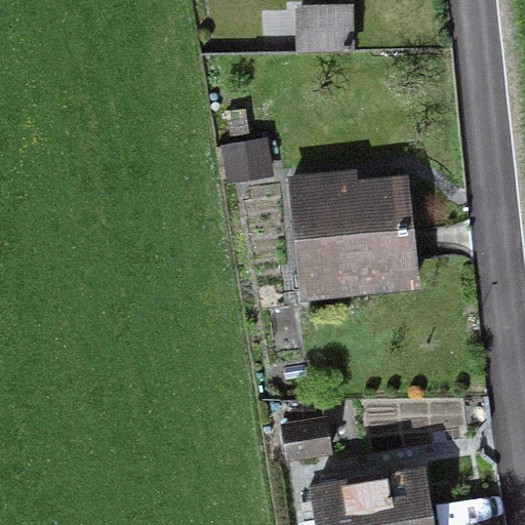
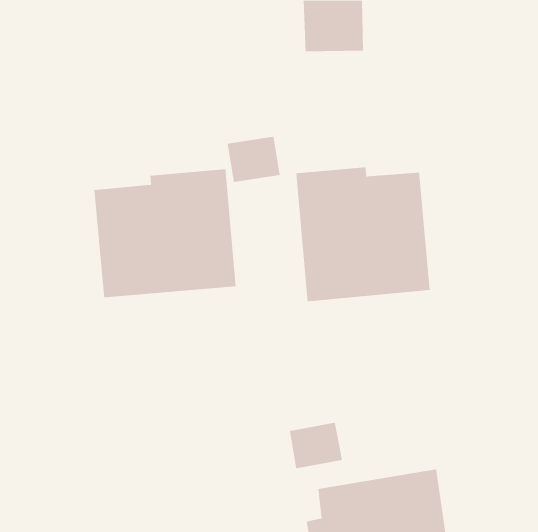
building: none -> [94,168,236,298]

